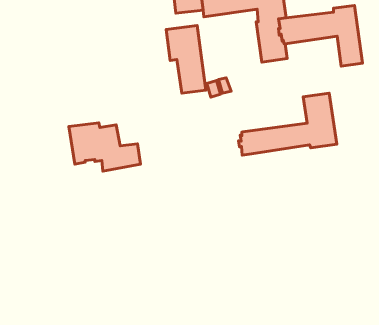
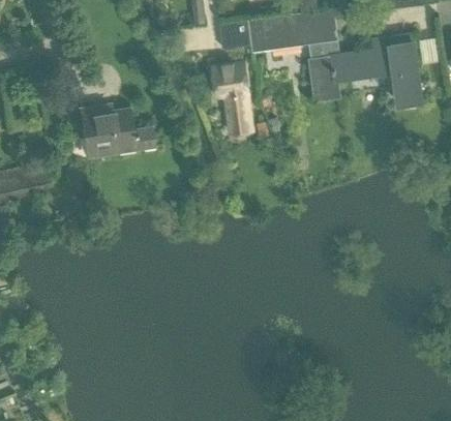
building: [239,93,337,155] -> none
building: [69,123,140,171] -> [78,102,154,154]

